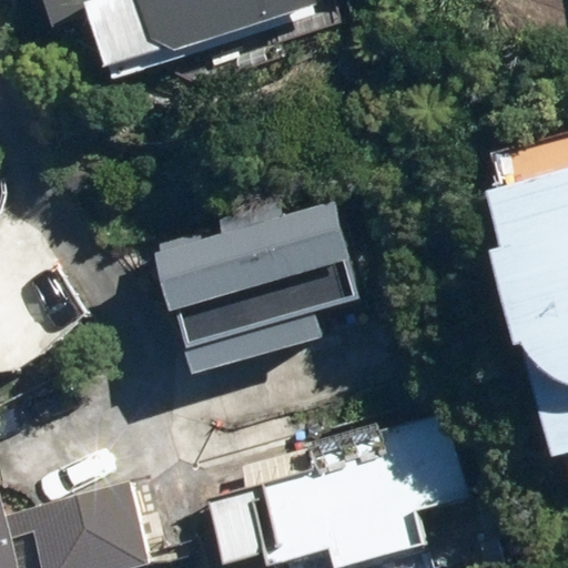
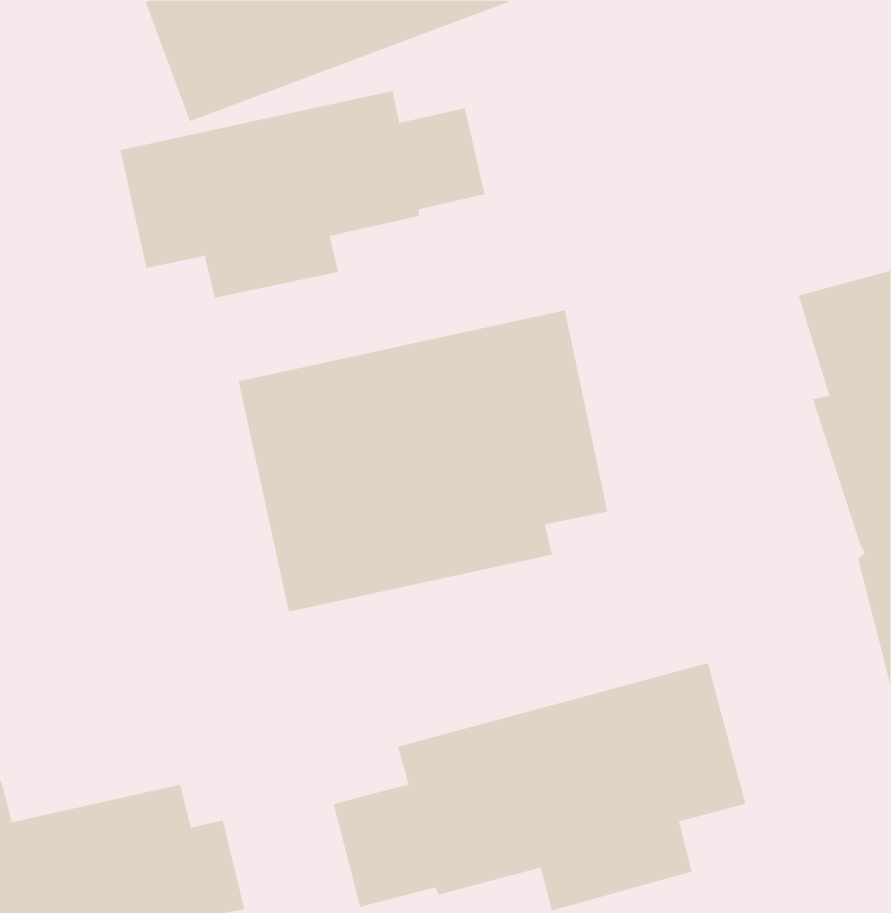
building: none -> [120,90,485,298]

